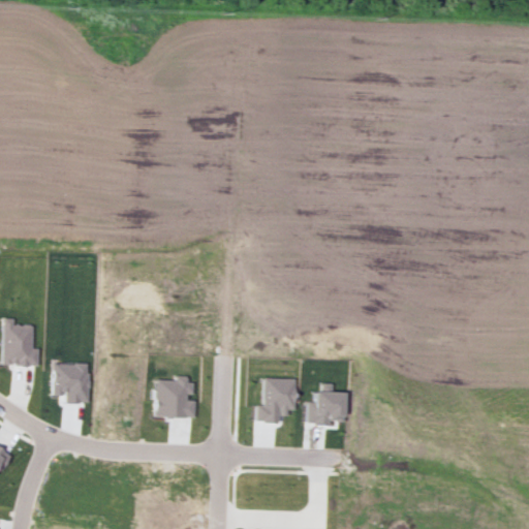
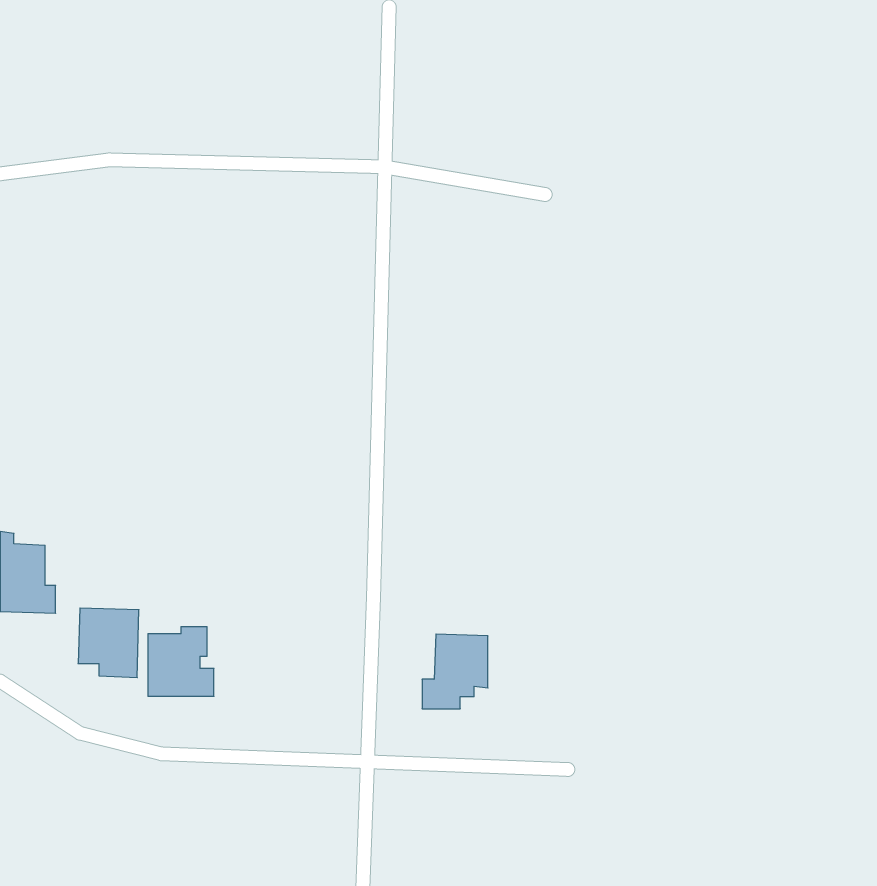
building: [157,376,196,417] -> [148,627,214,696]
building: [308,383,345,425] -> none

